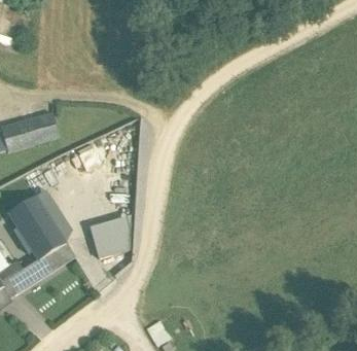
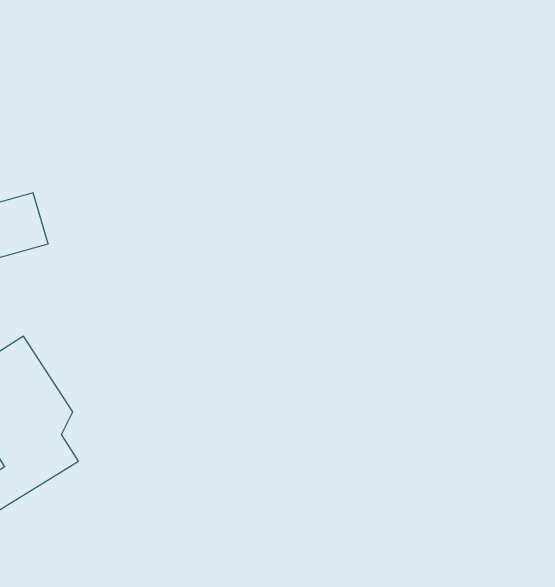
building: [90,216,130,259] -> none

